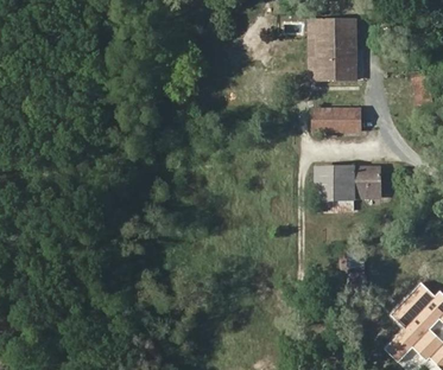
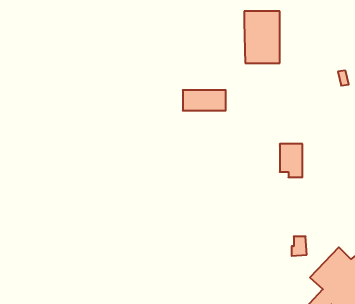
building: [312,109,360,132] -> [183,90,226,111]
building: [315,170,355,198] -> none

